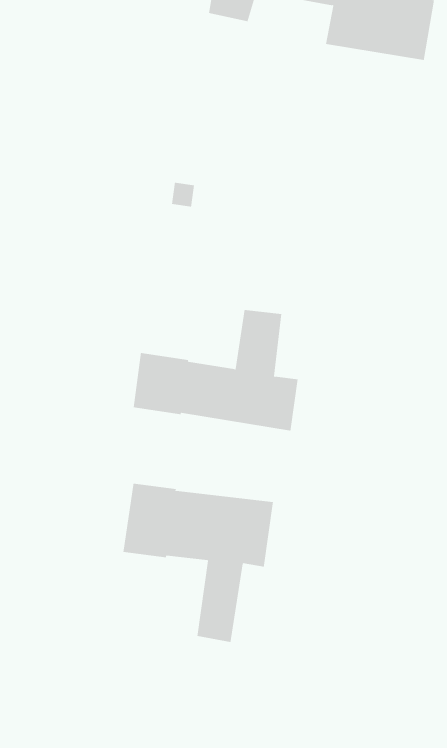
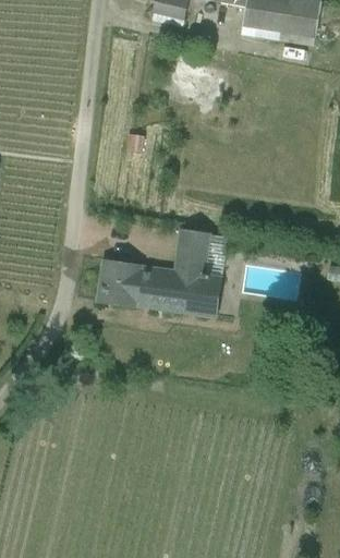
building: [123,483,274,643] -> none

